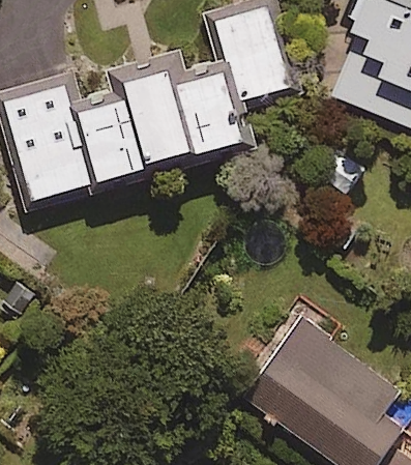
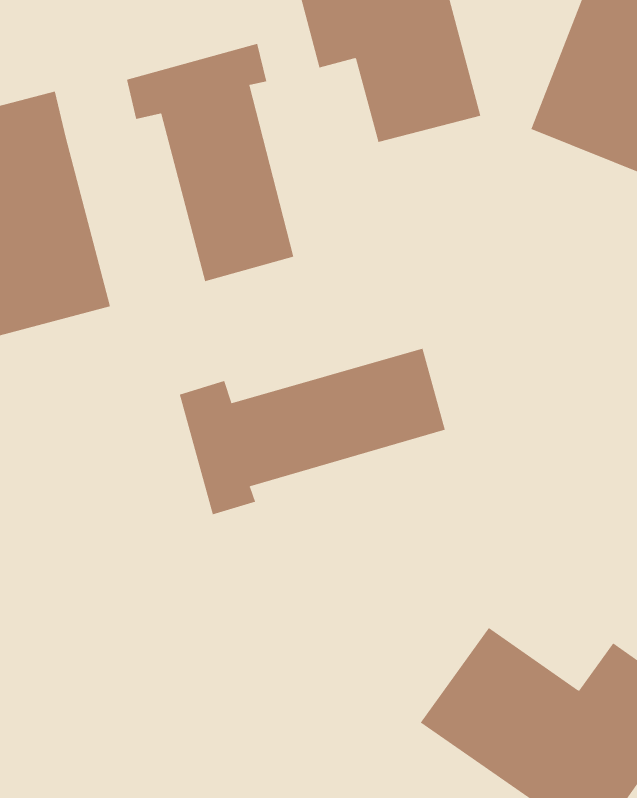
building: [175,54,256,162] -> none
building: [76,84,150,188] -> none
building: none -> [179,348,445,515]

